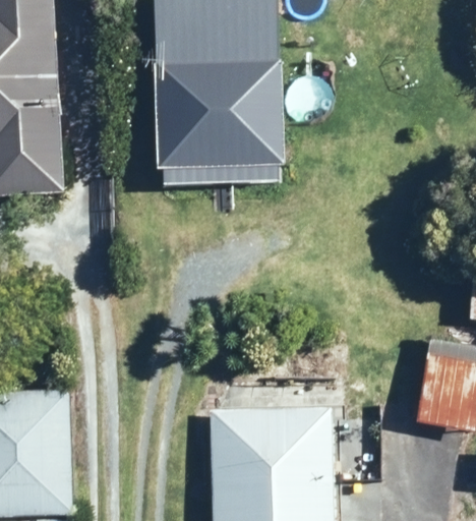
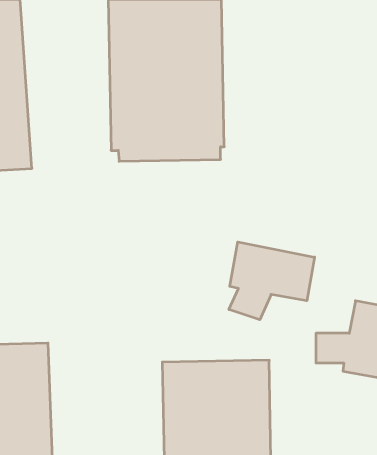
building: none -> [229,242,315,320]

